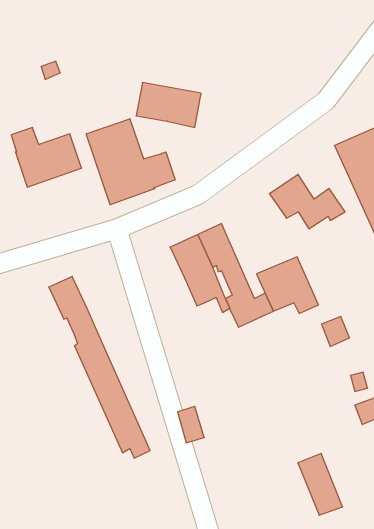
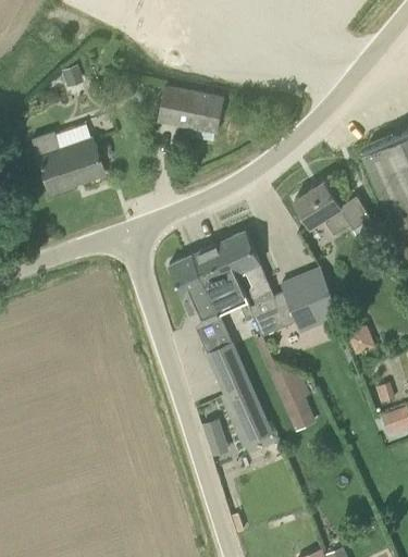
building: [86,119,175,205] -> none
building: [49,276,150,458] -> [169,255,272,440]
building: [298,453,343,515] -> [273,367,319,430]

